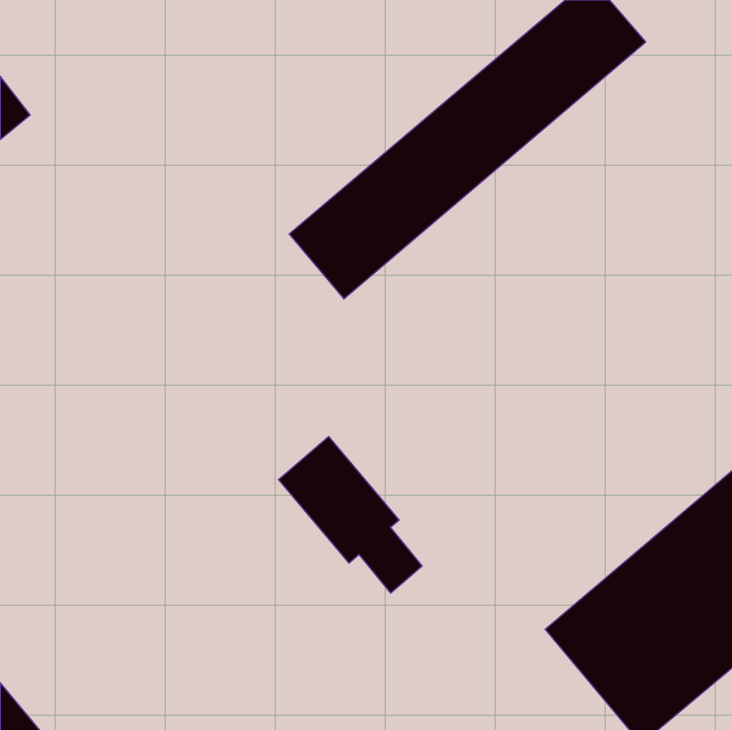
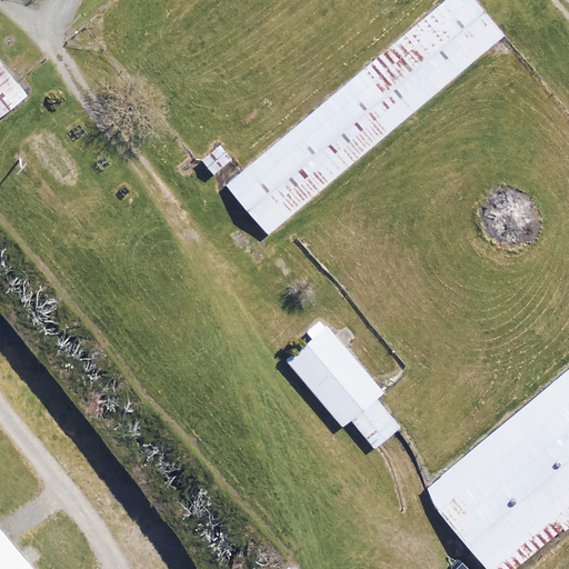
building: [278,437,422,593] -> [286,326,397,447]

